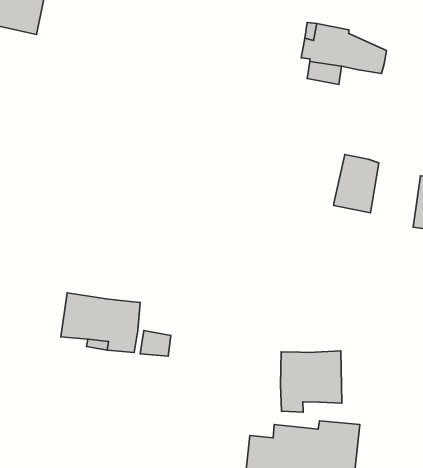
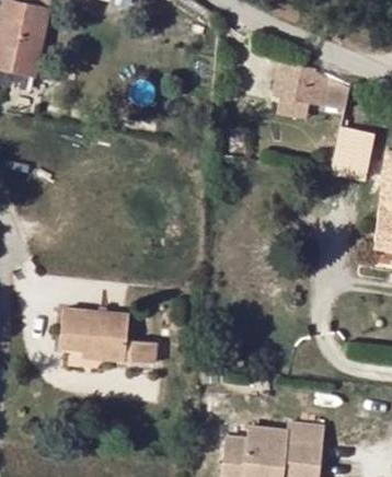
building: [334,154,379,213] -> [333,121,373,174]
building: [280,351,342,412] -> none

